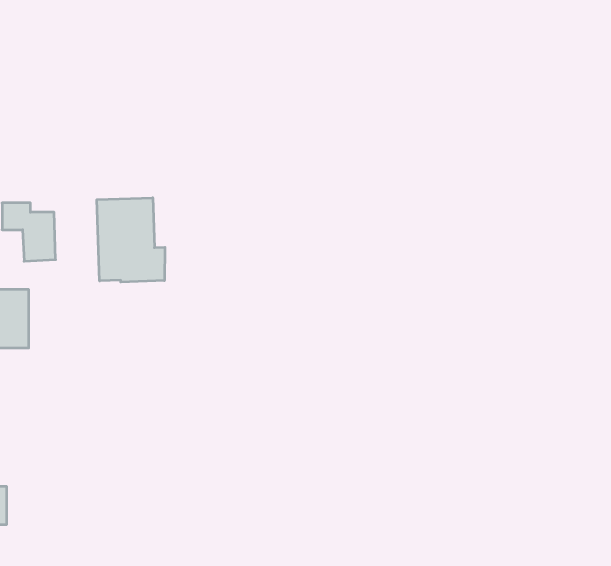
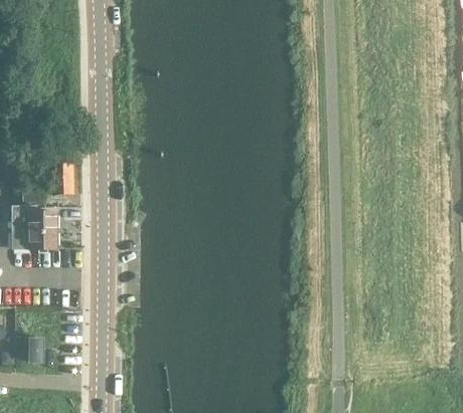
building: [97,198,165,282] -> none

